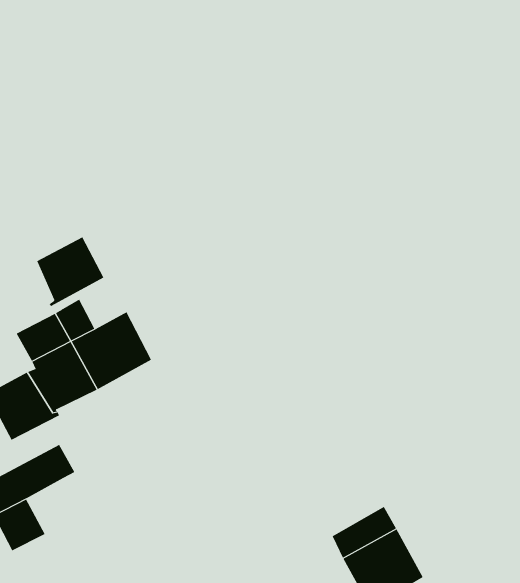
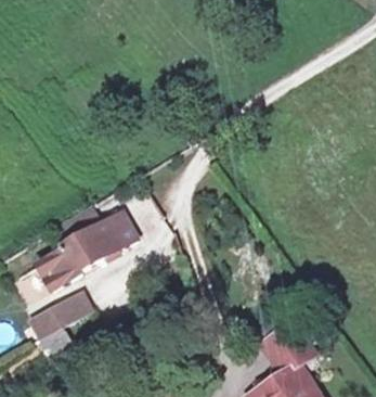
building: [37,236,104,307] -> none

